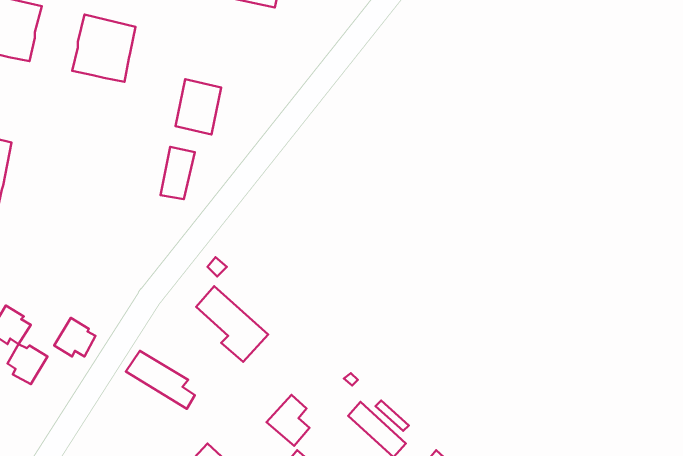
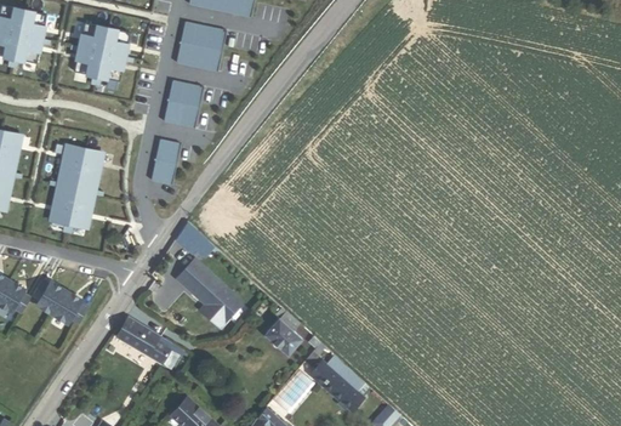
building: none -> [173,21,224,70]
building: none -> [46,144,99,228]
building: [7,344,47,384] -> [34,278,69,313]
building: [267,395,309,446] -> [266,312,303,357]

